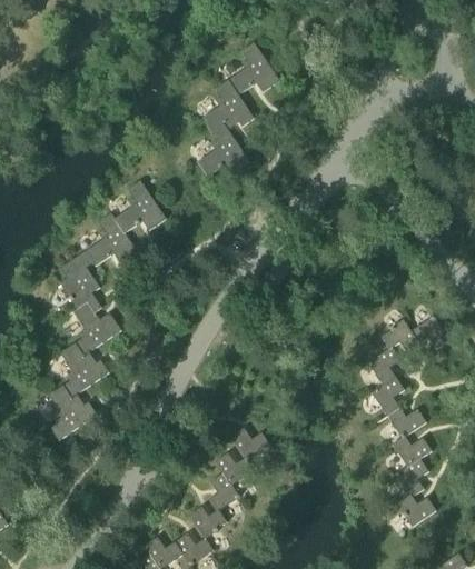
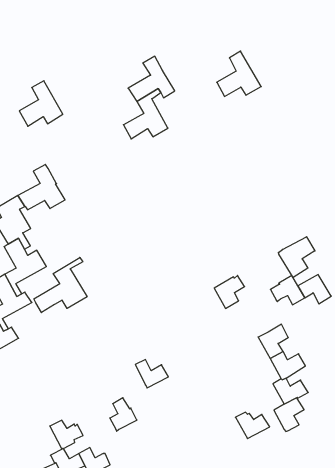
building: [228,42,279,96] -> [217,51,261,96]
building: [116,181,166,234] -> [19,81,63,126]
building: none -> [278,237,315,277]
building: none -> [34,257,87,313]
building: [367,347,402,386] -> [214,275,245,308]
building: [214,452,255,486] -> none
building: [397,496,437,526] -> [235,412,270,439]
building: [188,507,227,539] -> [50,420,83,449]

